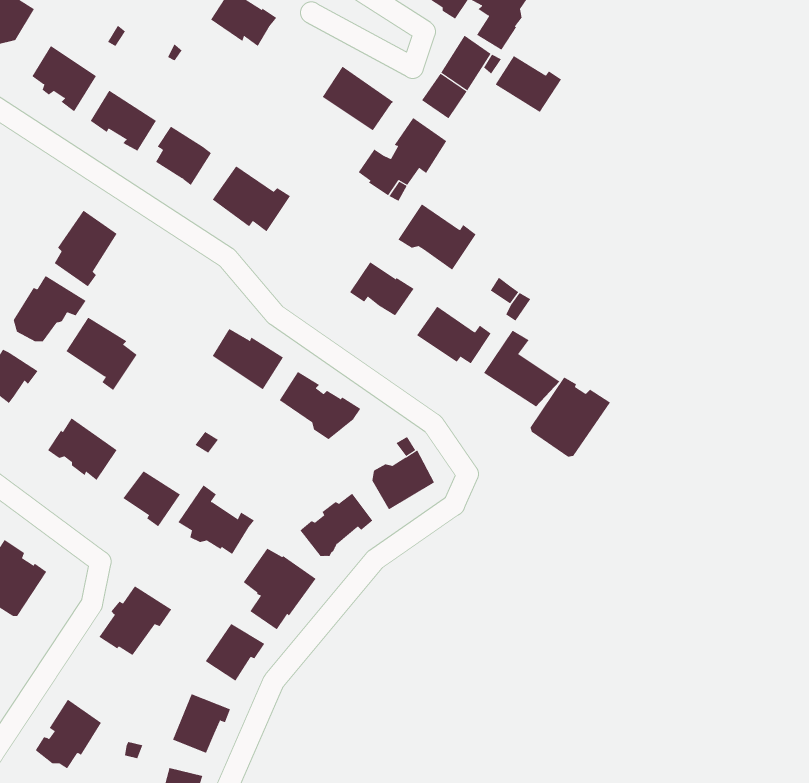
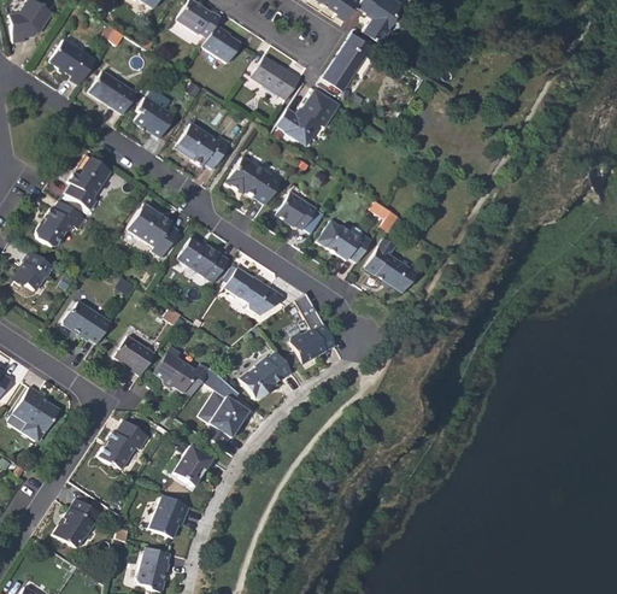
building: none -> [202,25,242,64]
building: [495,55,562,113] -> none
building: [398,204,477,271] -> [229,158,284,205]
building: [66,317,138,391] -> [125,205,176,257]
building: [530,376,611,457] -> none

